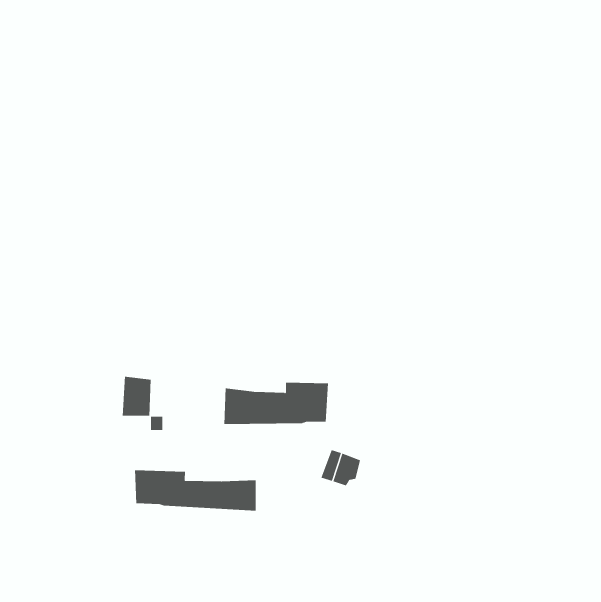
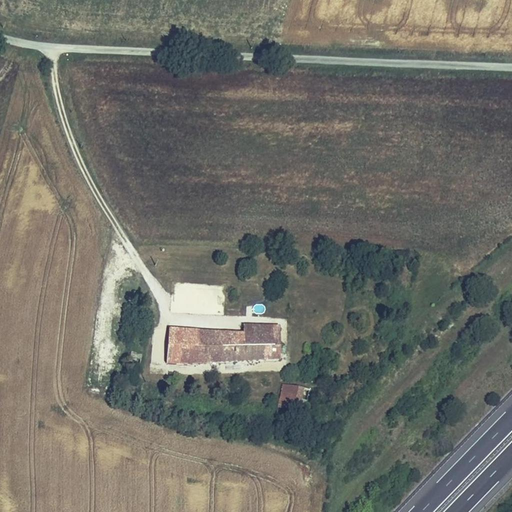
building: [122,376,151,416] -> [168,325,193,359]
building: [134,470,256,512] -> none

